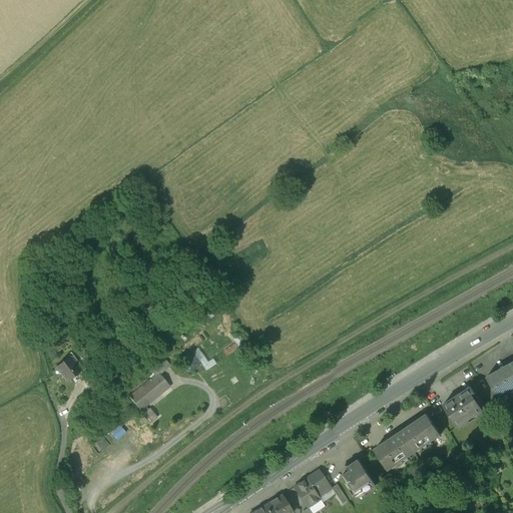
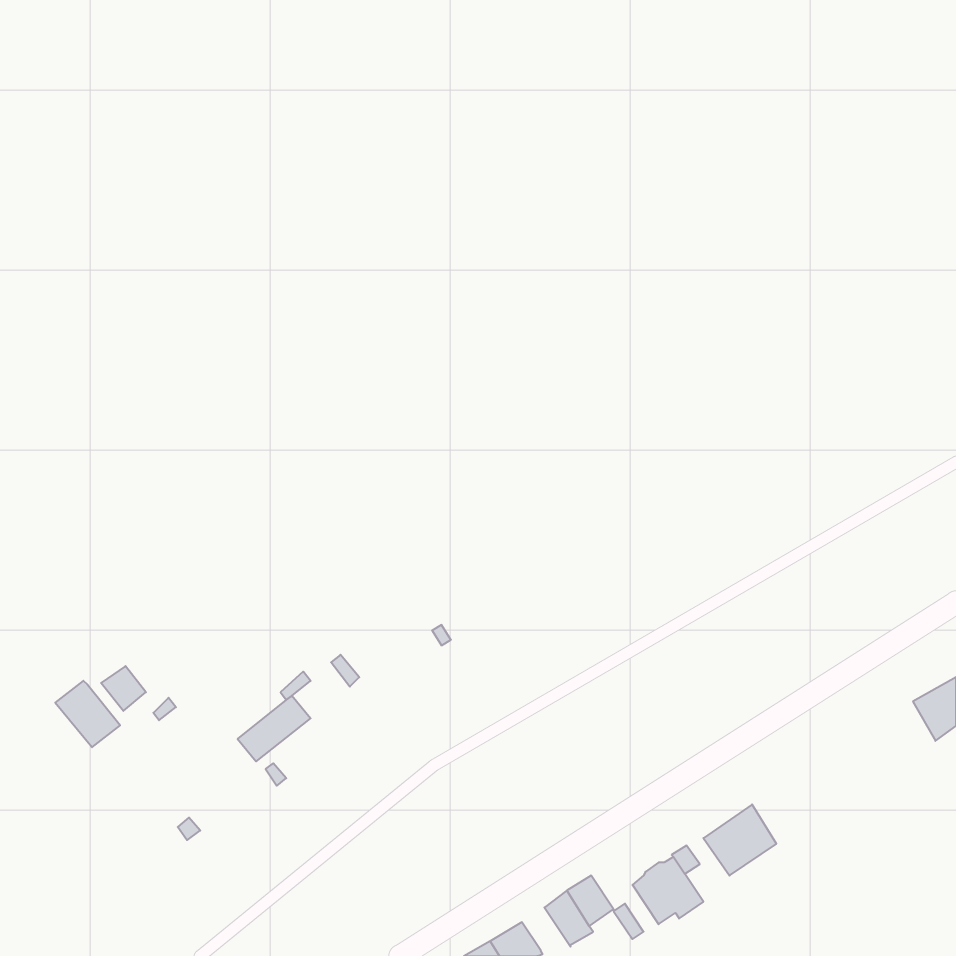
building: none -> [55,681,120,747]
building: [446,386,484,425] -> none
building: [403,414,443,452] -> none

